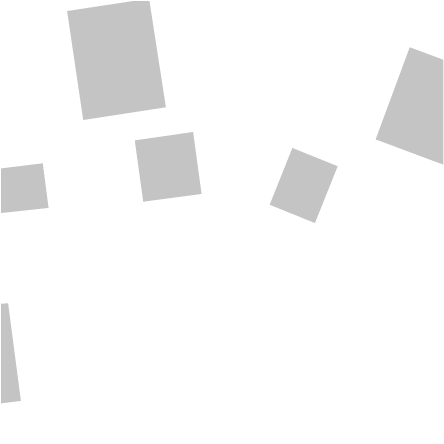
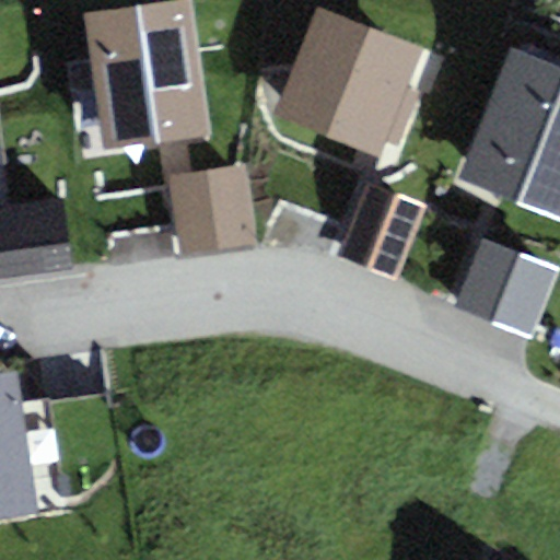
building: none -> [272,7,422,158]
building: none -> [465,247,552,329]

